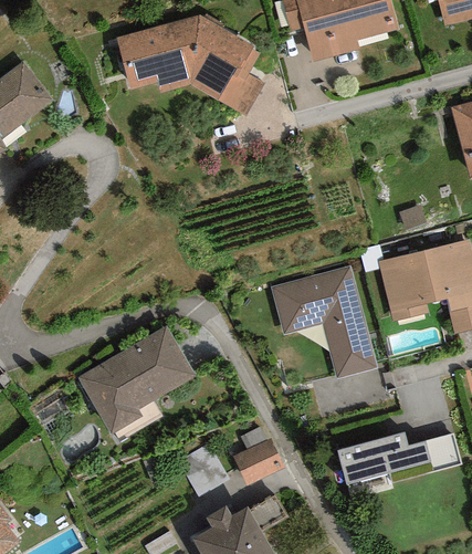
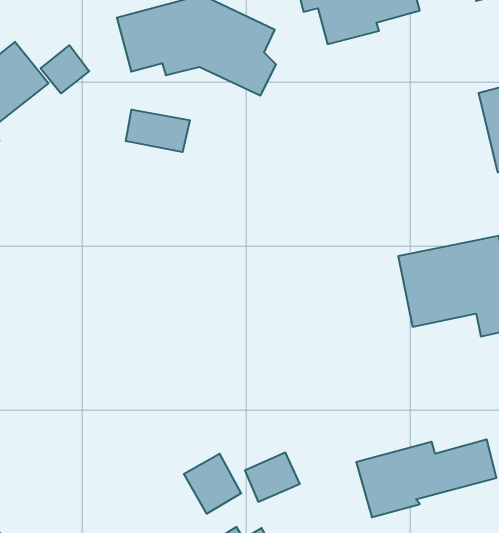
building: none -> [41,45,89,93]
building: none -> [126,109,190,152]
building: [270,264,376,375] -> none
building: [75,325,197,437] -> none

